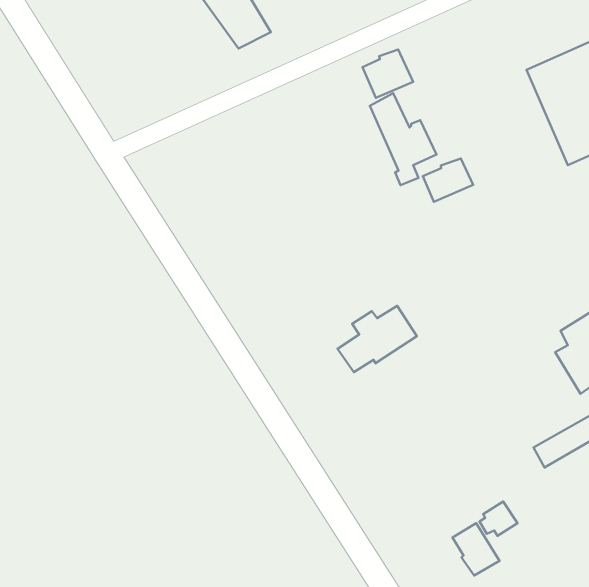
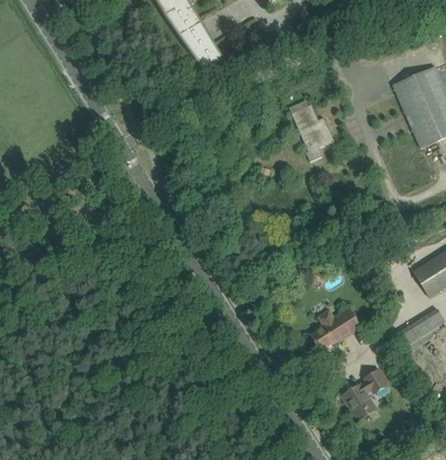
building: [362,50,413,98] -> none
building: [423,158,473,202] -> none
building: [338,306,417,372] -> [309,305,362,349]

